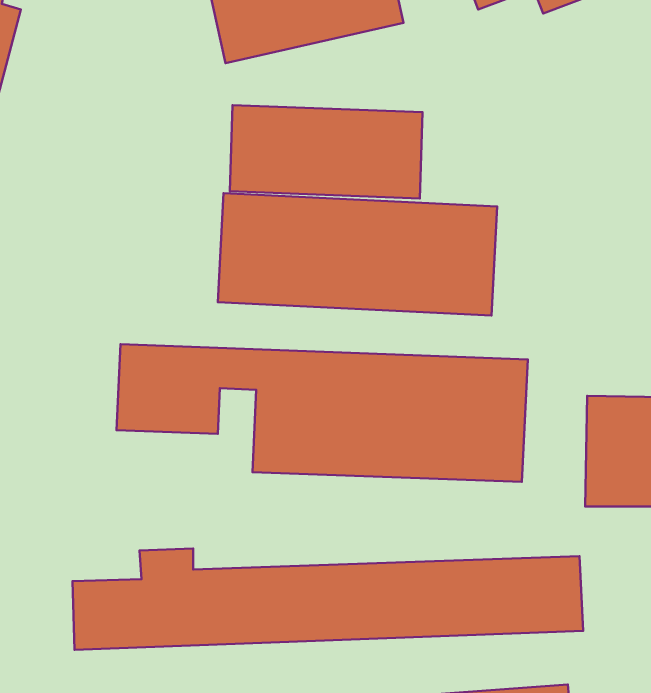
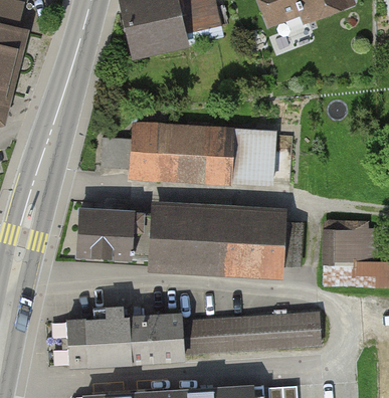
building: [230,105,422,198] -> none

